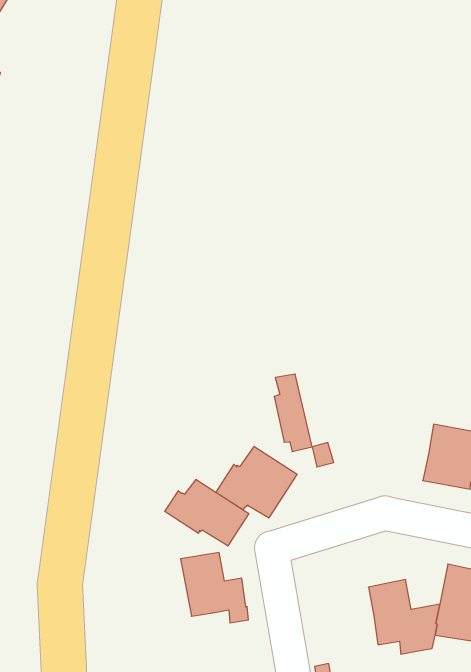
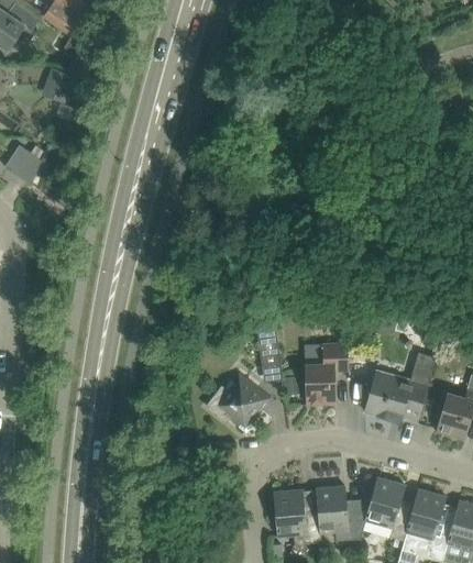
building: none -> [306,342,349,405]
building: [165,479,249,546] -> none
building: [180,553,248,623] -> [274,489,321,543]

